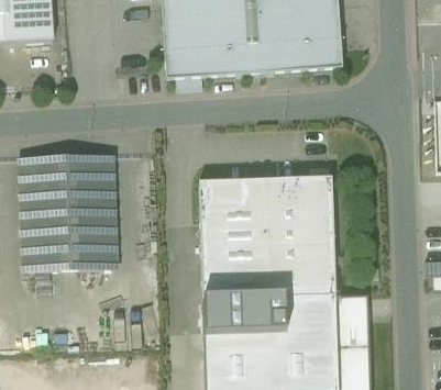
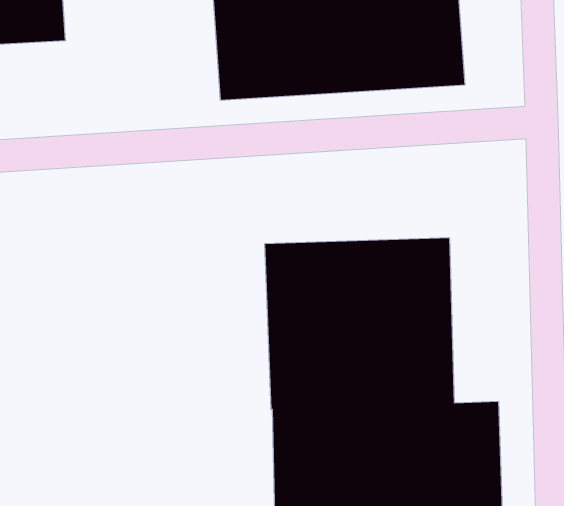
building: [18,156,120,269] -> none

